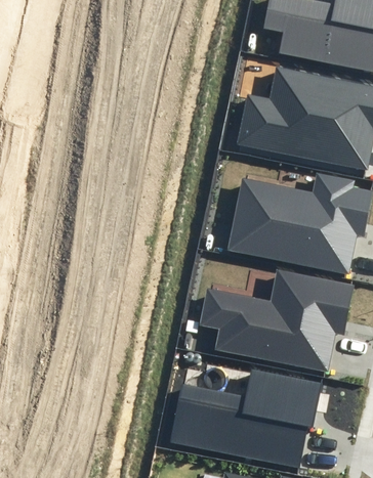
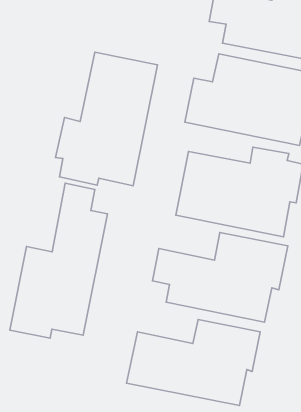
building: none -> [55,52,158,186]
building: none -> [10,183,107,338]

